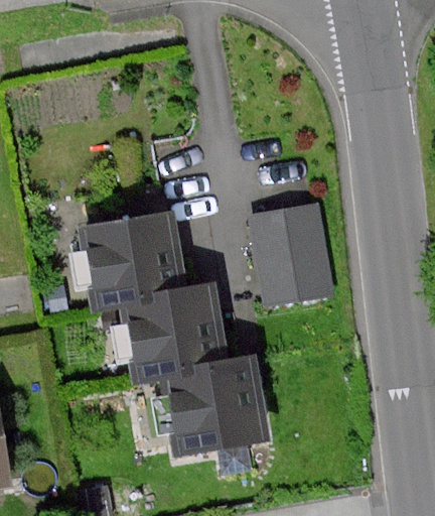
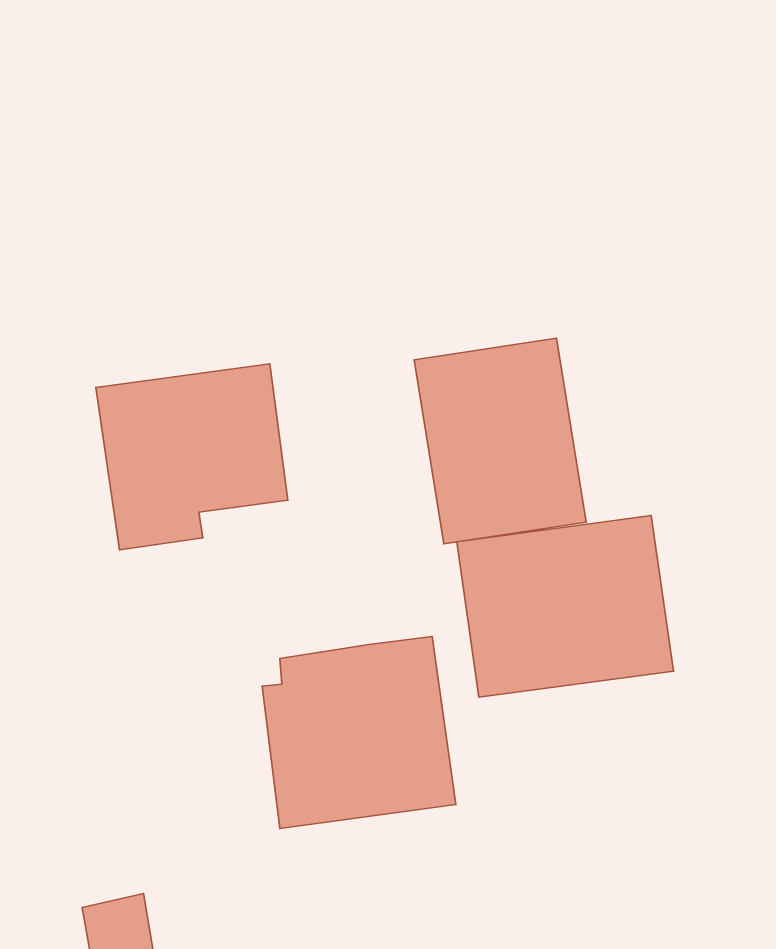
building: [124,281,223,385] -> none
building: none -> [457,516,674,697]

